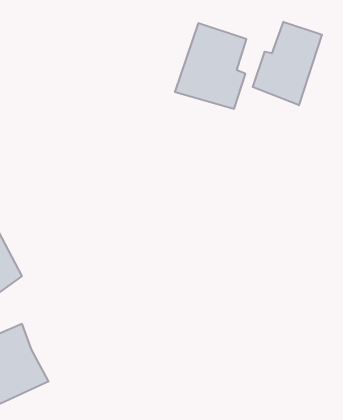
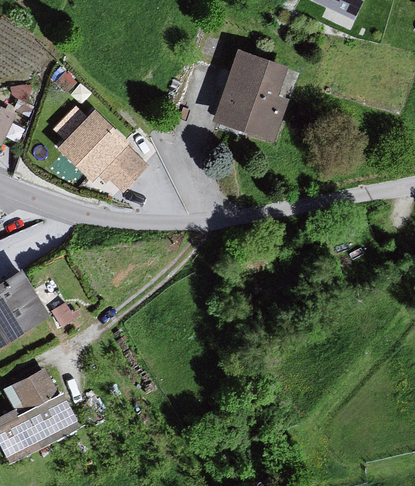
building: [253,22,322,105] -> none
building: none -> [62,107,144,191]

